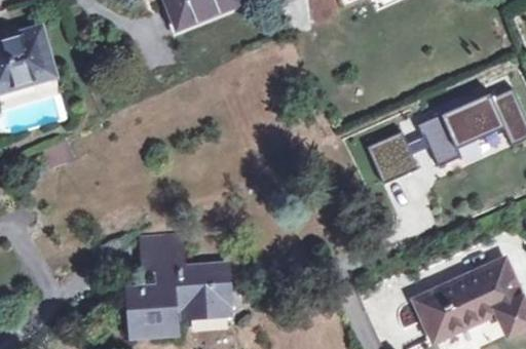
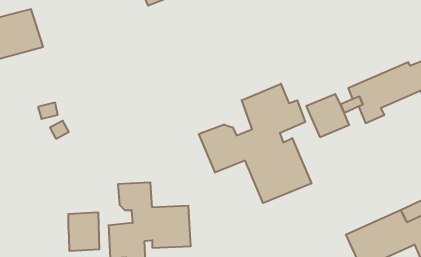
building: none -> [199,84,311,203]
building: none -> [68,212,99,251]

